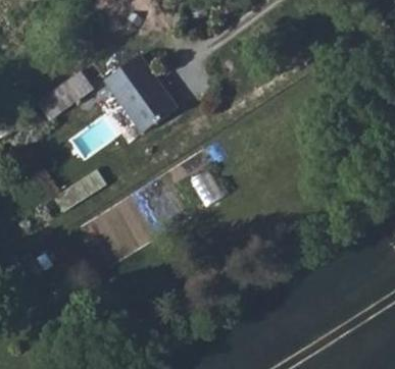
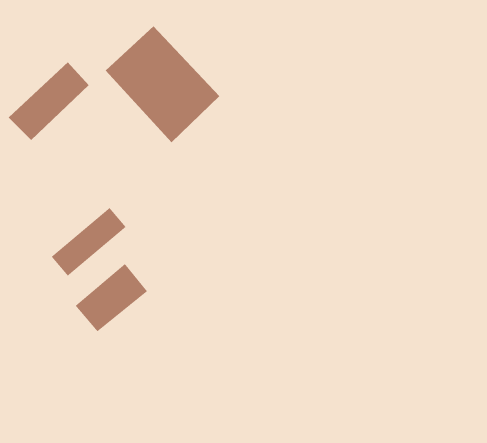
building: none -> [75,263,148,332]

